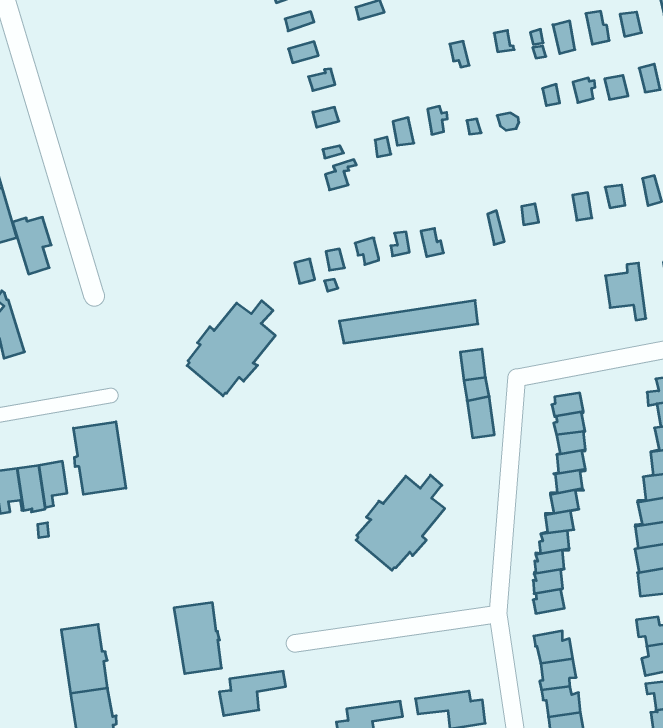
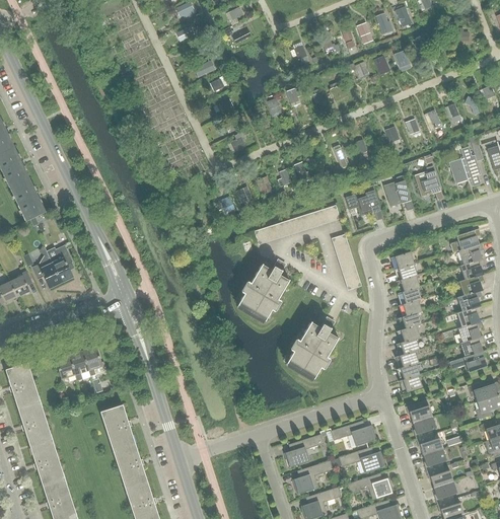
building: [12,217,51,274] -> [47,245,74,282]
building: none -> [384,175,414,211]
building: none -> [354,184,383,220]
building: [187,301,275,396] -> [237,260,289,322]
building: [73,422,126,494] -> none
building: [174,603,222,674] -> [99,403,135,450]
building: none -> [331,421,376,446]
building: [219,671,286,716] -> [283,434,324,467]

